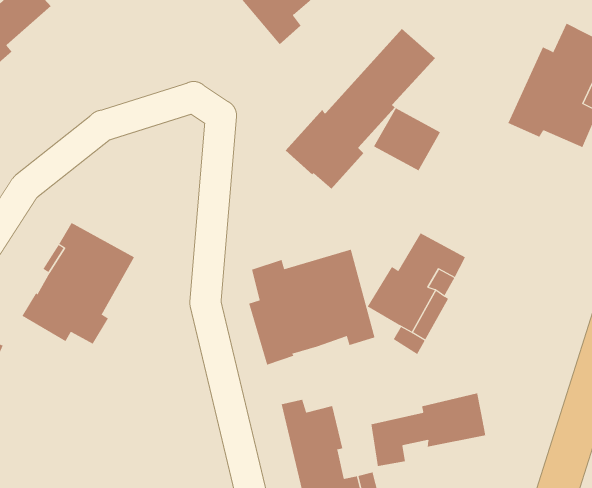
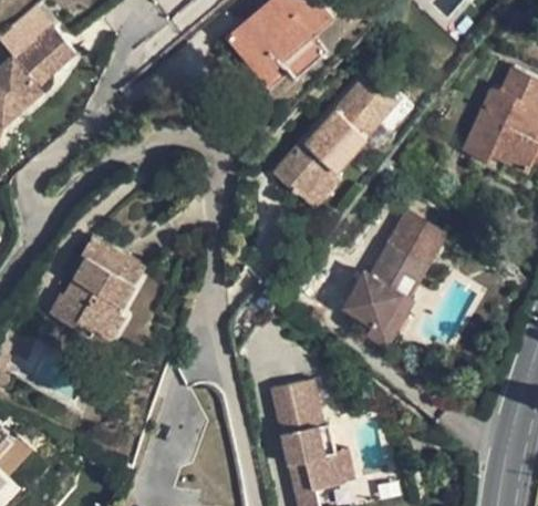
building: [373,108,441,171] -> [389,210,446,265]
building: [249,249,375,365] -> none
building: [371,393,486,467] -> none

